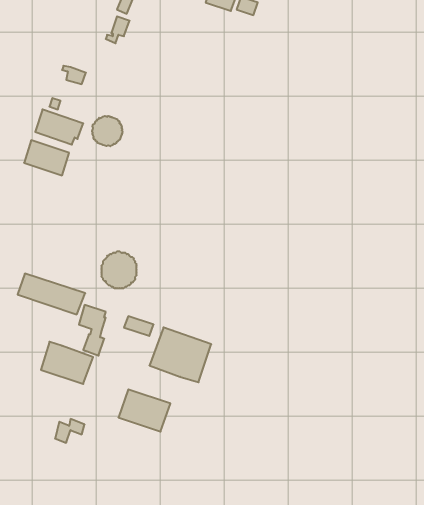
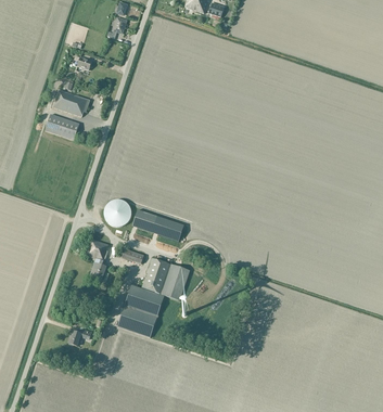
building: [92,116,123,146] -> none
building: [18,274,85,314] -> [132,209,184,241]
building: [41,342,93,384] -> [125,283,165,316]

